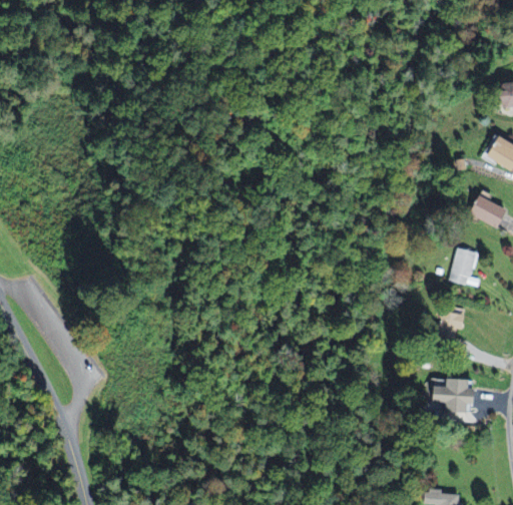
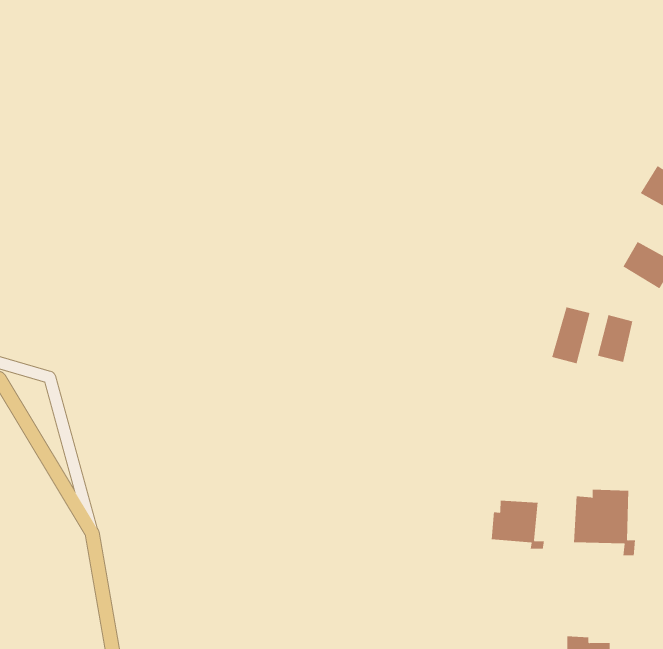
building: none -> [552,306,590,364]
building: none -> [491,500,544,550]

